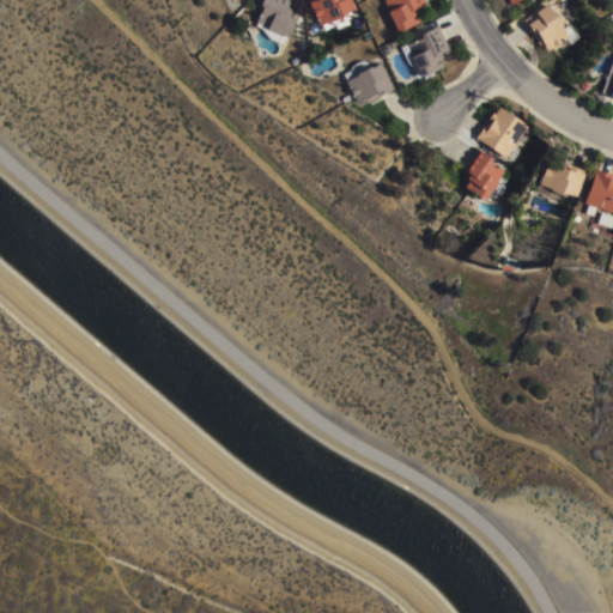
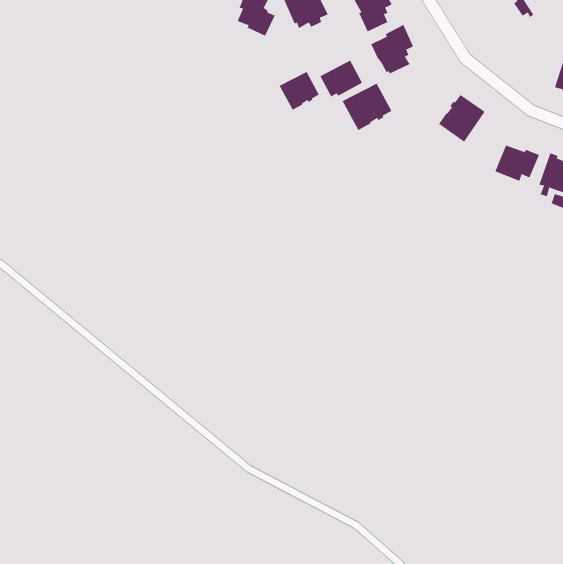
building: [524,7,579,54] -> none
building: none -> [279,71,320,110]
building: none -> [342,83,392,131]
building: [462,146,511,198] -> none

